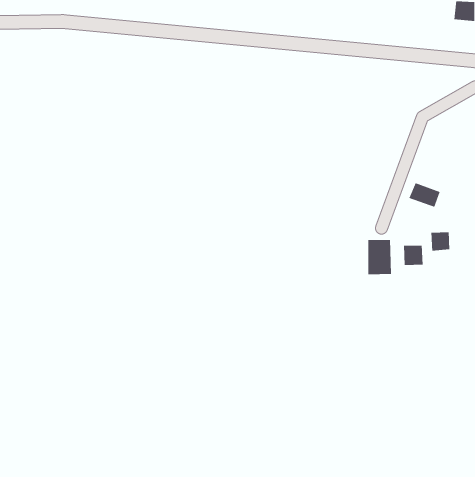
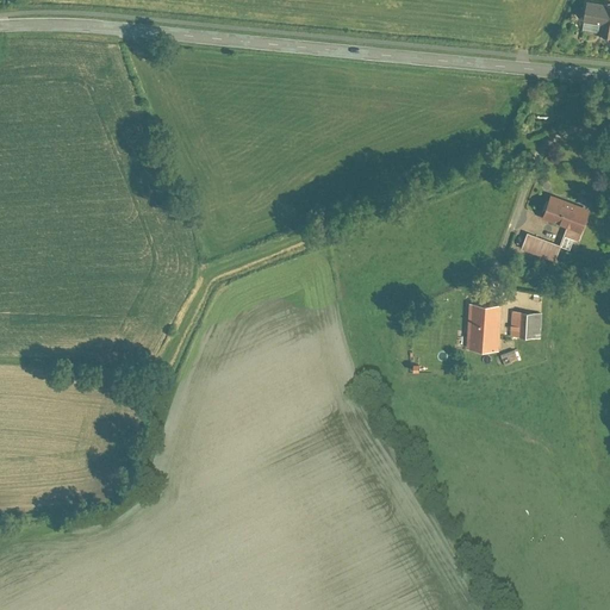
building: none -> [539,192,591,243]
building: [431,231,450,252] -> none

